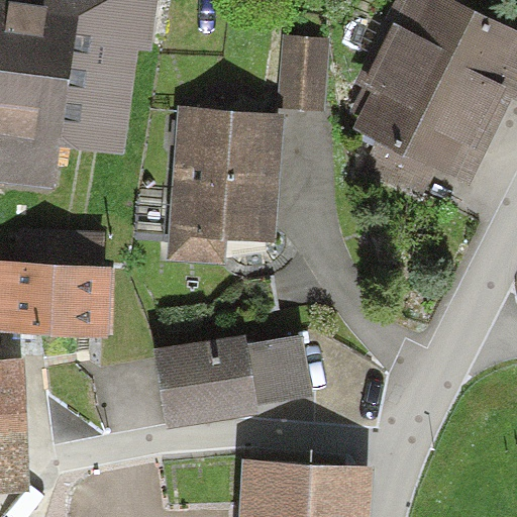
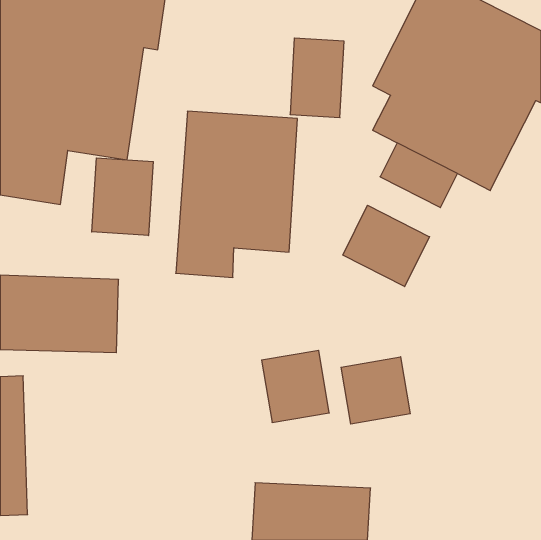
building: none -> [92,158,153,236]
building: none -> [343,205,430,287]
building: [156,334,261,426] -> none
building: none -> [341,357,410,424]

